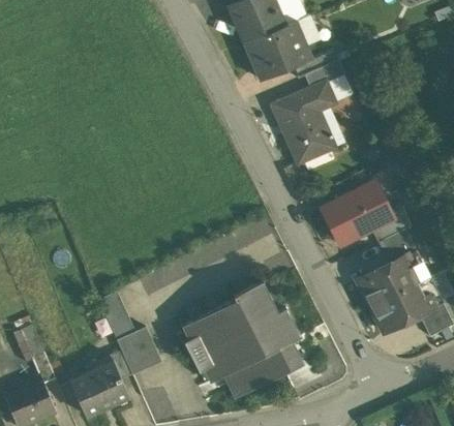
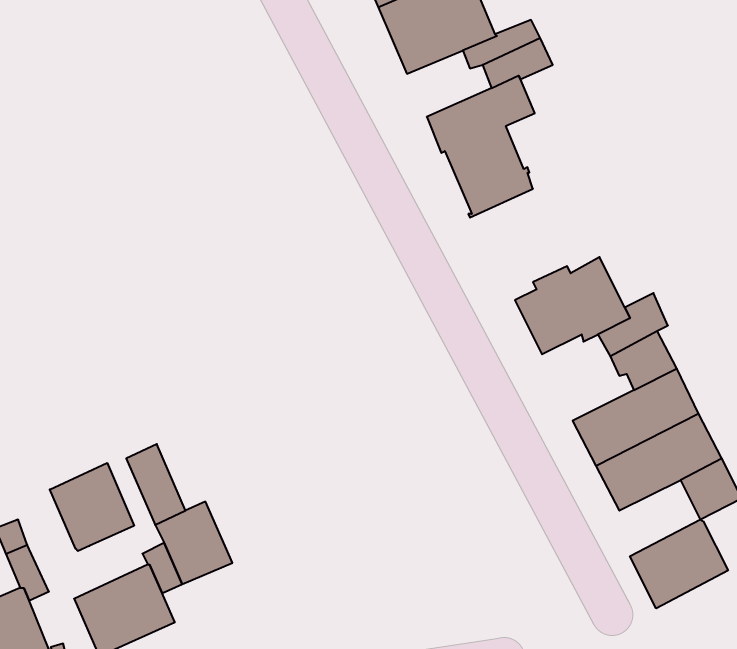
building: [182,281,301,398] -> none
building: none -> [50,463,134,551]
building: none -> [630,520,728,608]

